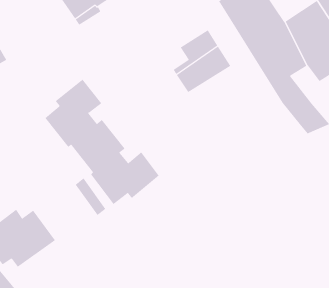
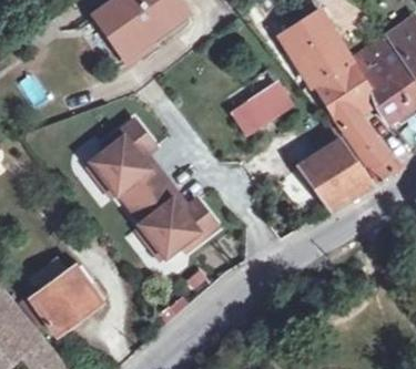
building: none -> [300,142,377,209]

